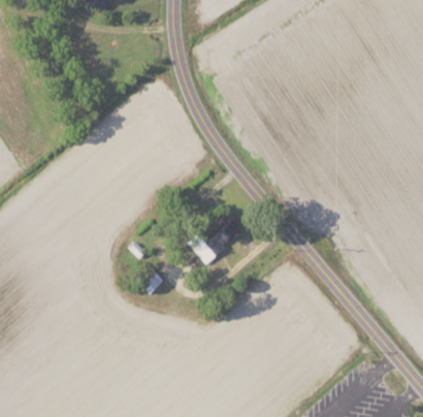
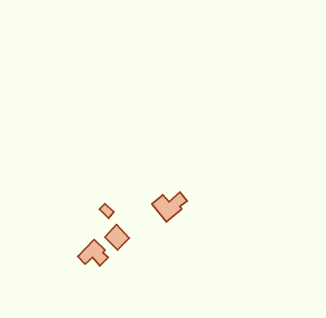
building: none -> [78,240,108,266]

